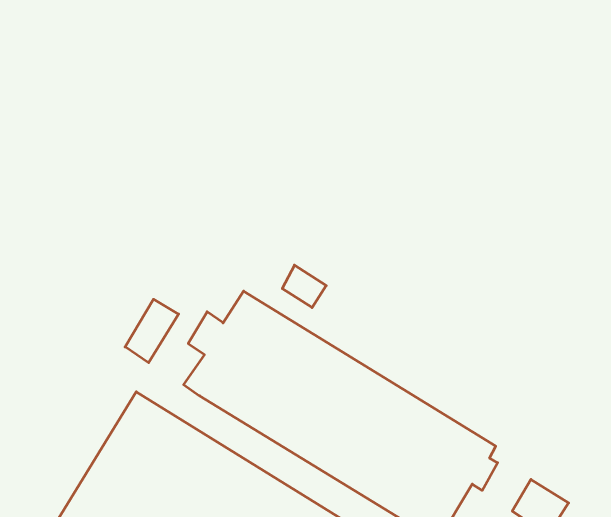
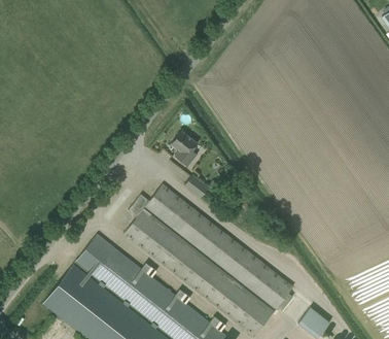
building: none -> [171,130,198,166]
building: [125,299,179,363] -> none

